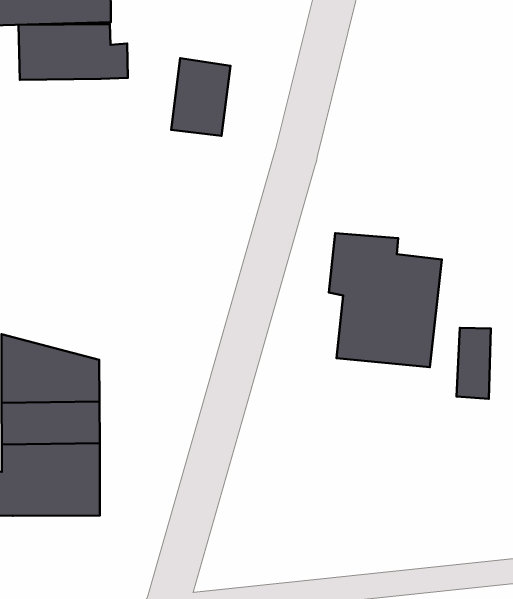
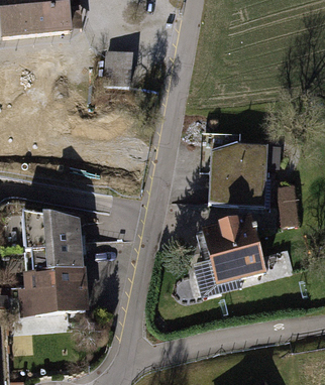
building: [19,24,128,80] -> none
building: none -> [192,224,264,290]

